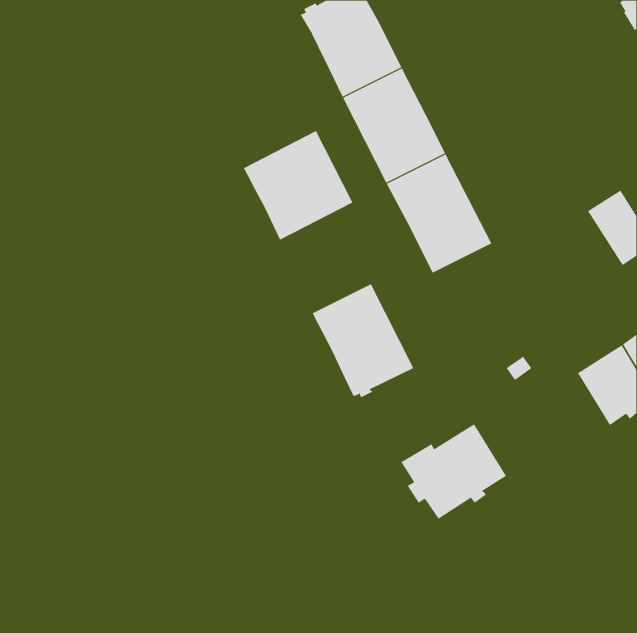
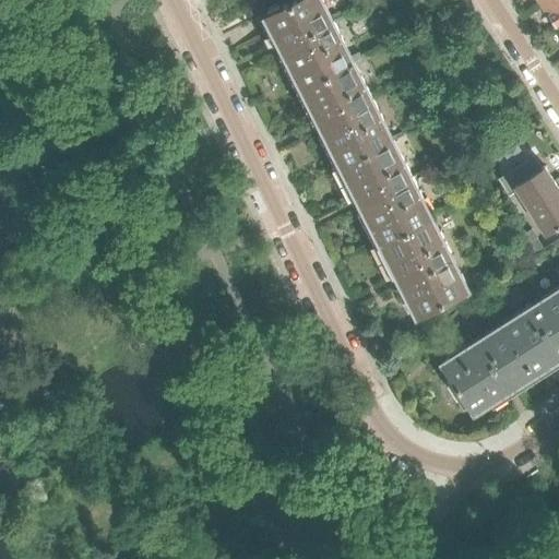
building: [243,130,353,240] -> none
building: [312,283,414,398] -> [378,217,467,318]
building: [401,423,507,520] -> [440,331,533,415]

